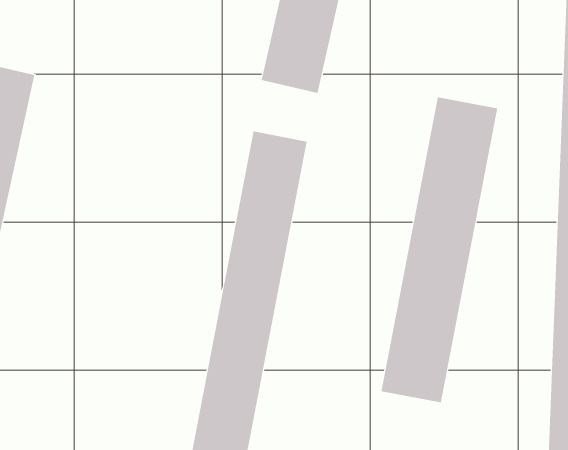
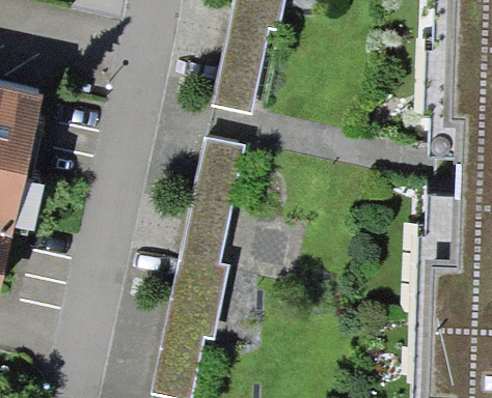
building: [381,96,498,403] -> none

